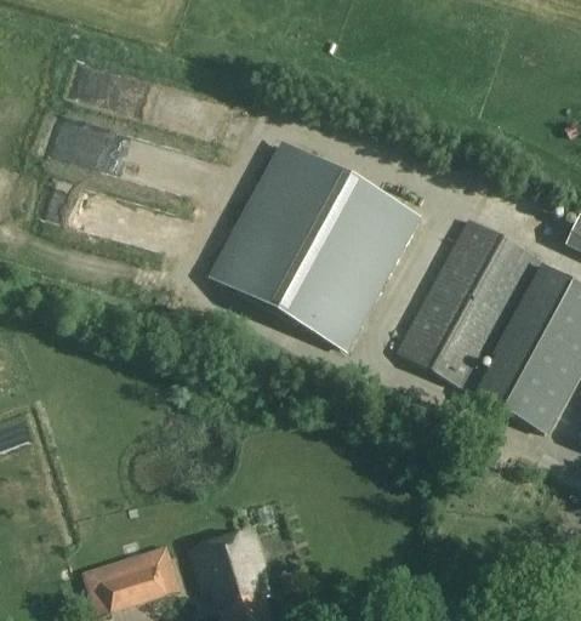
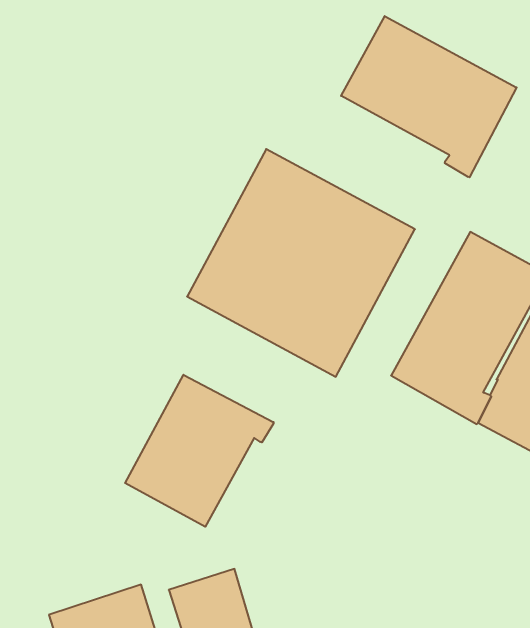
building: none -> [341,16,517,177]
building: none -> [125,375,274,527]

